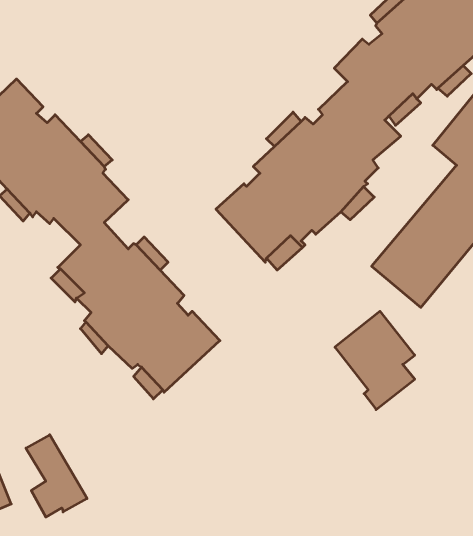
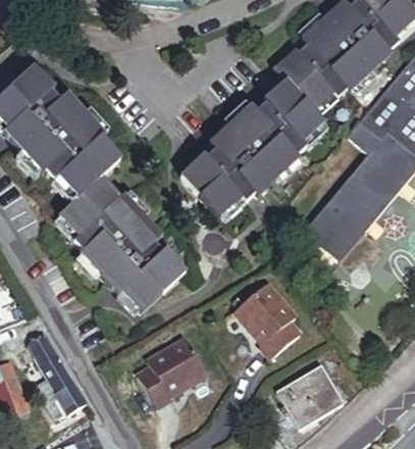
building: [335,311,415,410] -> [231,282,293,357]
building: none -> [139,333,204,400]
building: none -> [275,362,340,425]

